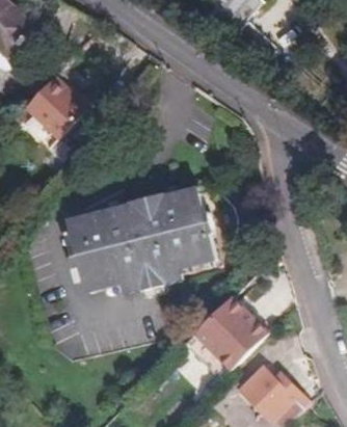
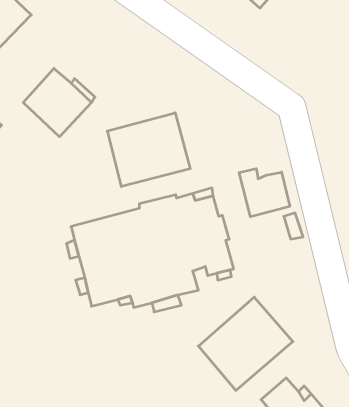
building: none -> [107,113,190,187]
building: none -> [239,169,290,217]

